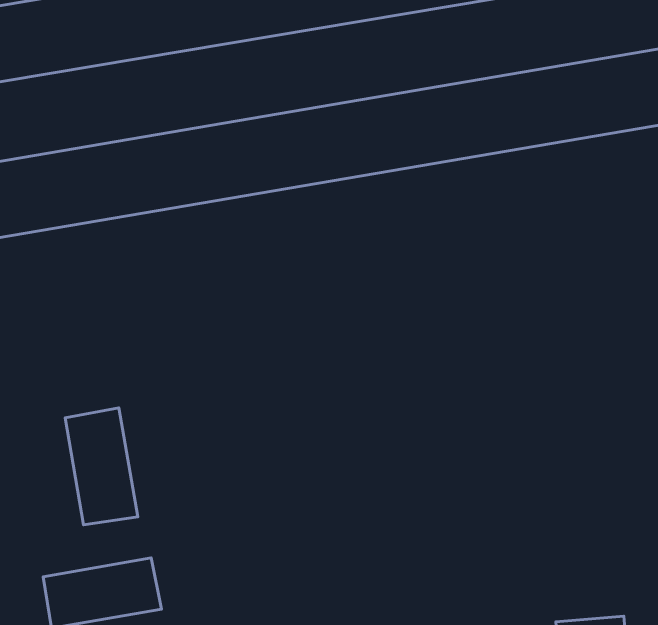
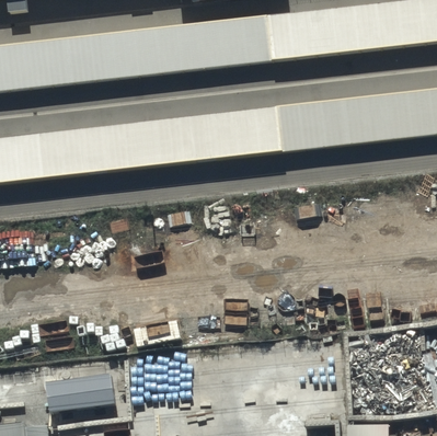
building: [65,408,138,525] -> none

